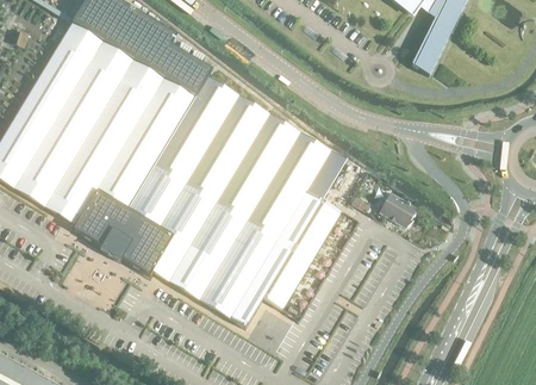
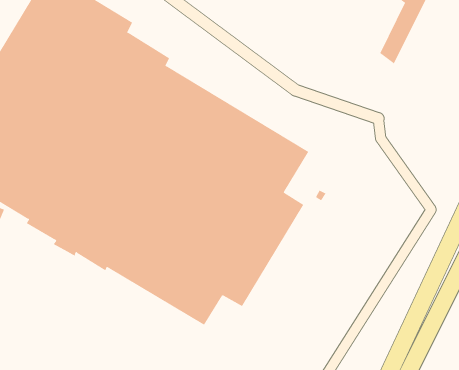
building: [381,191,418,226] -> none

